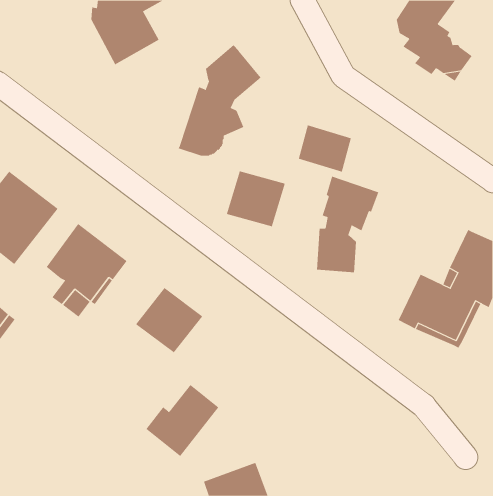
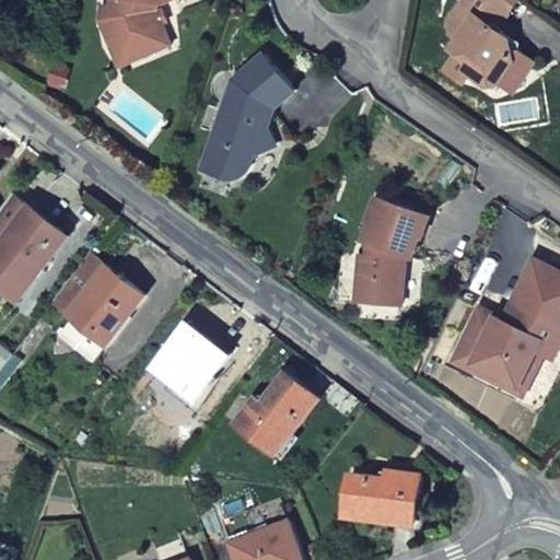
building: [298,125,351,172] -> none
building: [226,171,286,227] -> none
building: [145,384,219,457] -> [235,372,318,454]
building: none -> [343,470,420,524]

